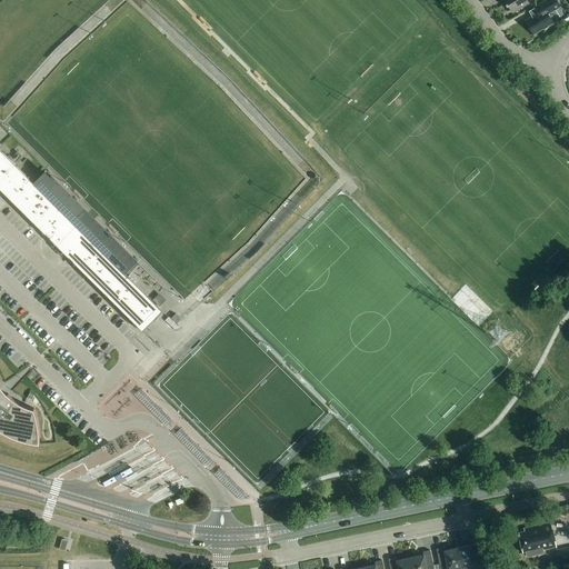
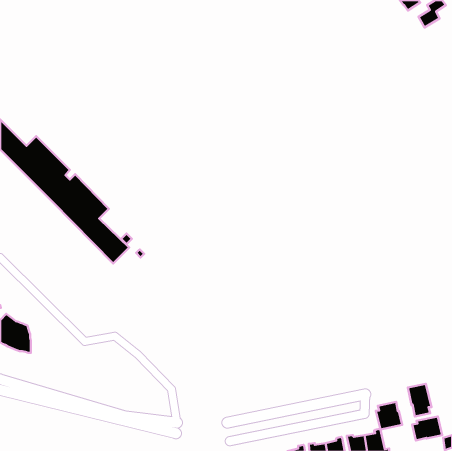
building: none -> [408,384,431,416]
building: none -> [376,402,402,429]

